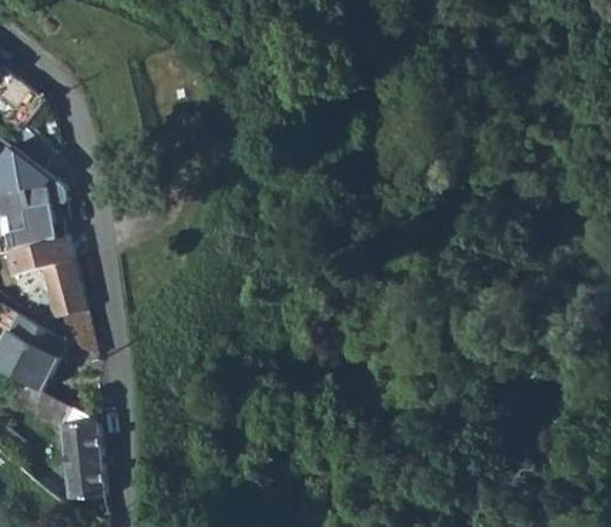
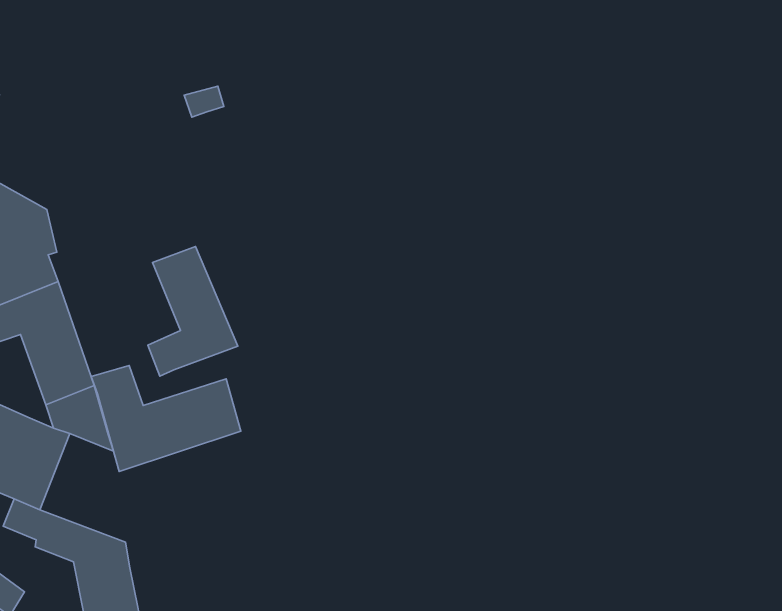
building: none -> [148,246,238,376]
building: none -> [91,365,241,471]

